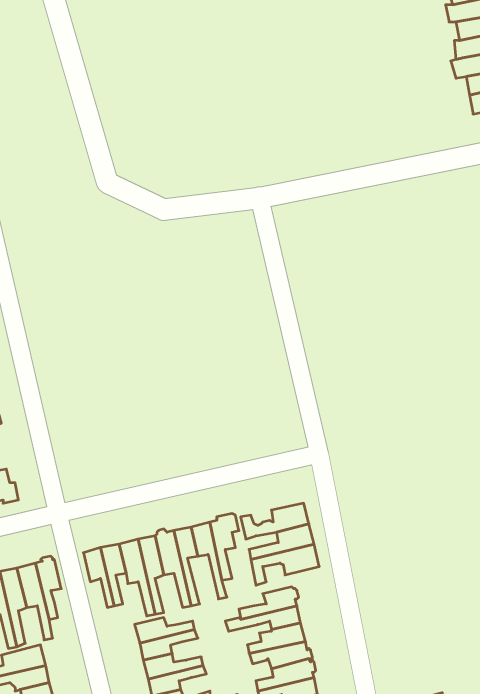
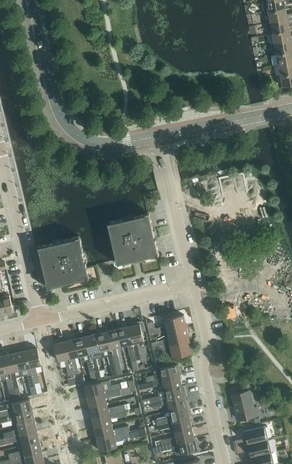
building: none -> [109,215,157,263]
building: none -> [39,239,87,287]
building: none -> [232,392,259,421]

